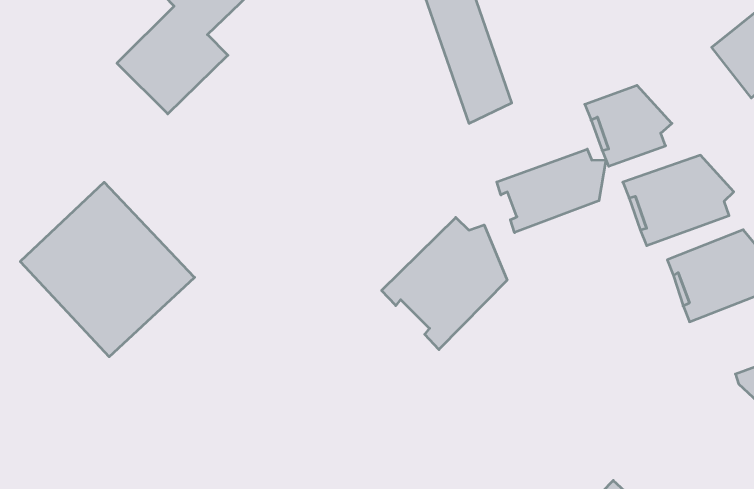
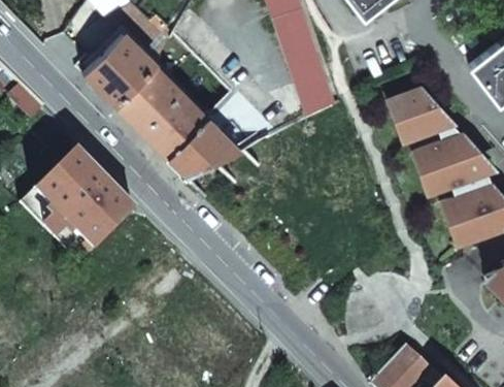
building: none -> [117,68,275,174]
building: [497,149,606,233] -> none
building: [382,217,507,350] -> none

